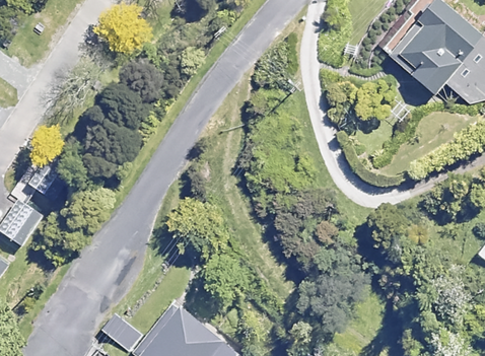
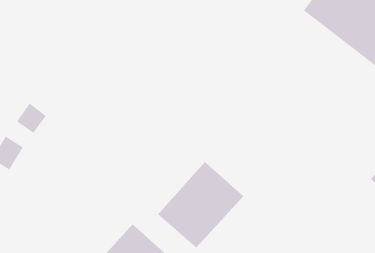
building: none -> [157,161,244,248]

